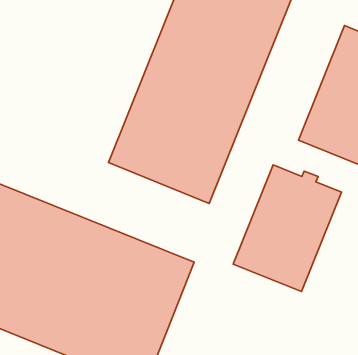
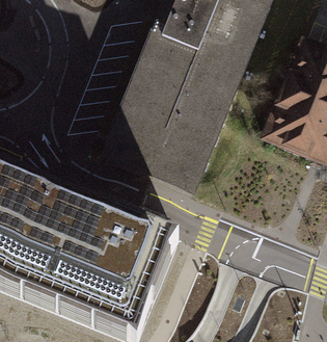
building: [233,165,342,292] -> none

